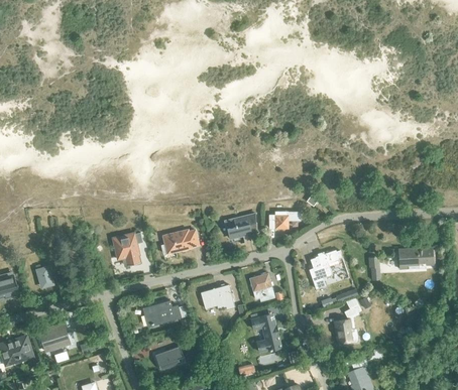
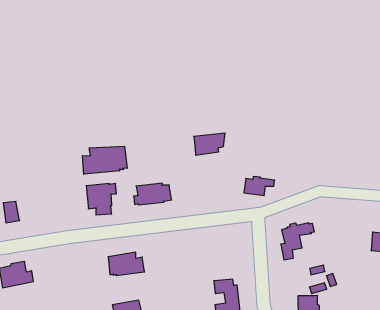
building: none -> [82,146,127,174]
building: [225,214,255,239] -> [194,133,225,155]
building: [248,272,275,302] -> none
building: [200,285,234,309] -> none

